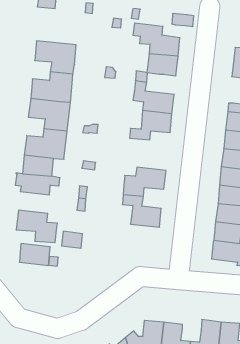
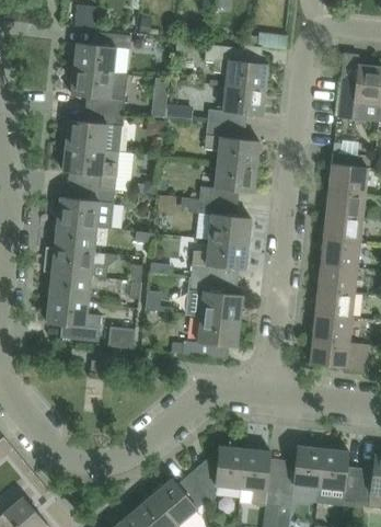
building: none -> [73,32,131,75]
building: none -> [188,199,251,244]
building: none -> [183,317,240,358]
building: [19,244,50,265] -> [49,273,91,302]

